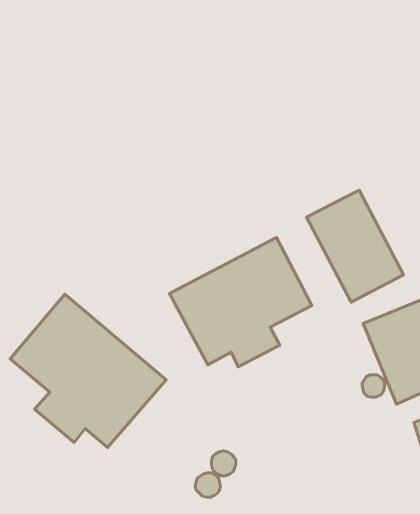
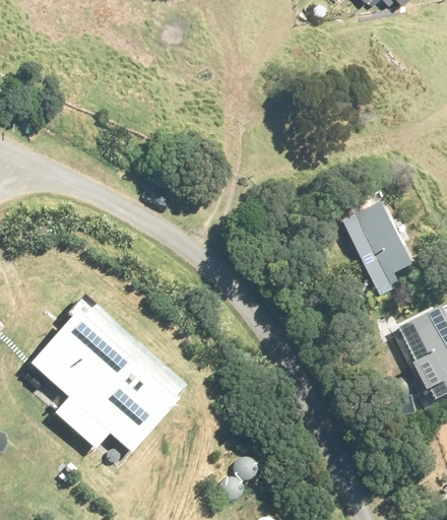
building: [169,238,312,367] -> none

